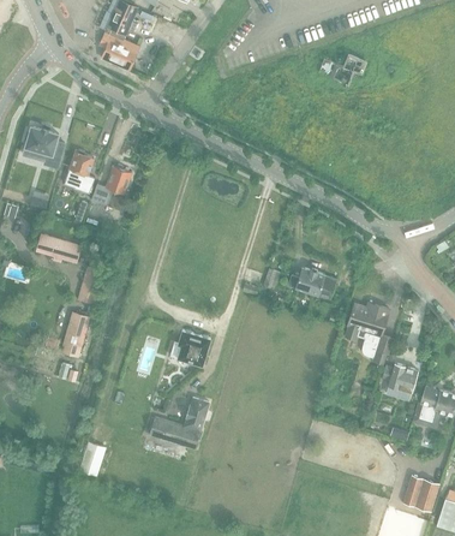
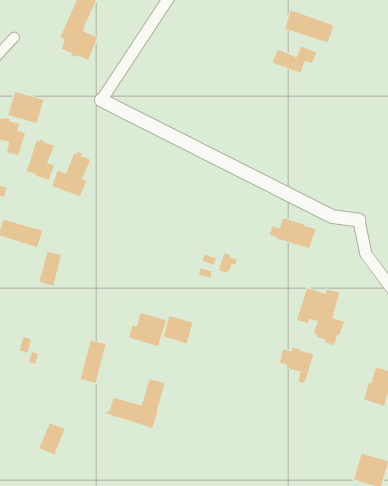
building: none -> [284,10,334,43]
building: none -> [7,91,44,124]
building: [288,266,337,298] -> [269,217,316,249]
building: [62,311,90,356] -> [80,340,107,383]
building: none -> [163,315,193,344]
building: [382,362,418,399] -> [279,347,314,383]

